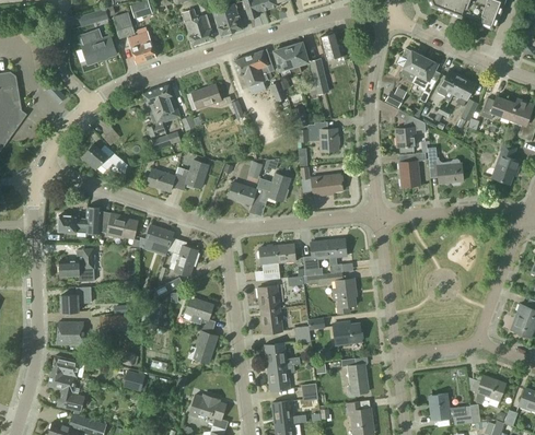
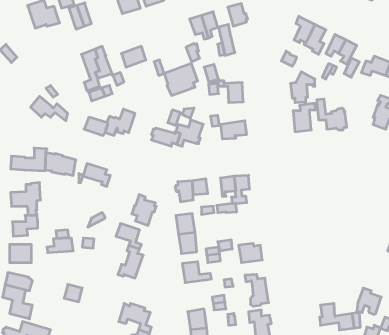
building: [234,49,275,87] -> [164,64,198,95]
building: [170,239,199,277] -> [132,195,156,225]
building: [332,278,356,315] -> none
building: [268,365,294,390] -> none

